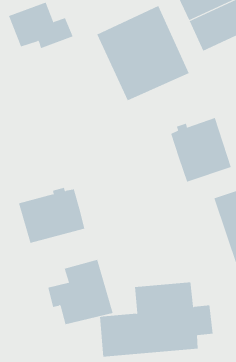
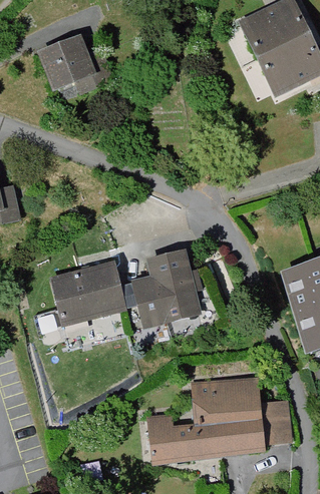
building: [96,5,190,101] -> none
building: [171,117,231,182] -> none
building: [47,259,114,325] -> [123,252,204,331]

